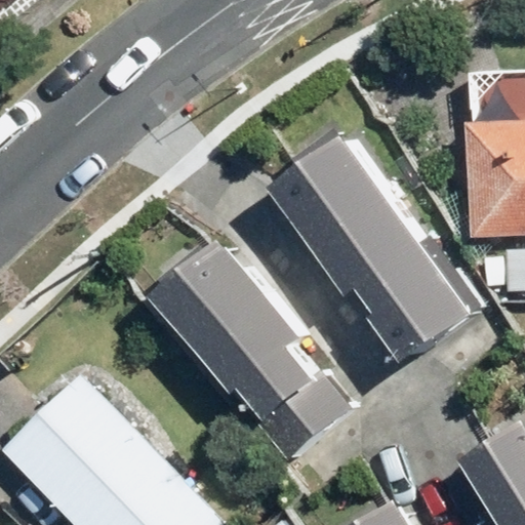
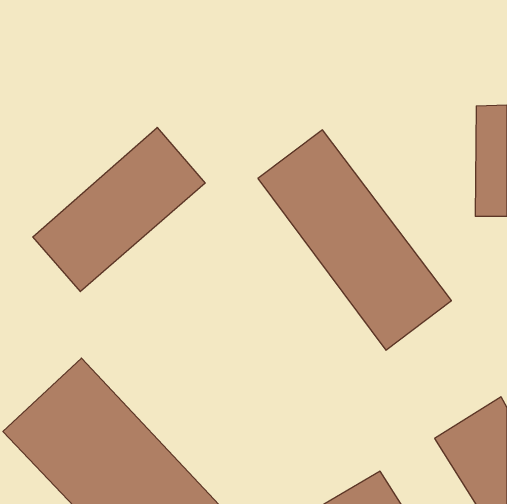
building: none -> [33,127,205,292]
building: [148,237,333,454] -> none

